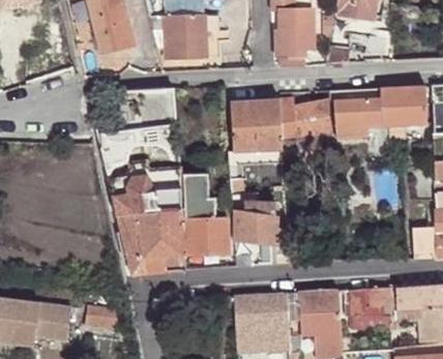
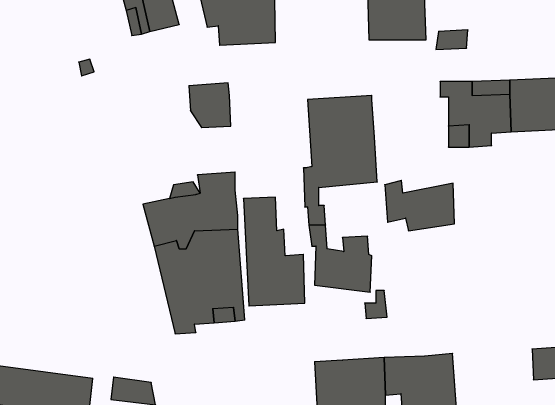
building: [277,98,329,136] -> [385,180,454,231]
building: [344,287,390,317] -> none

